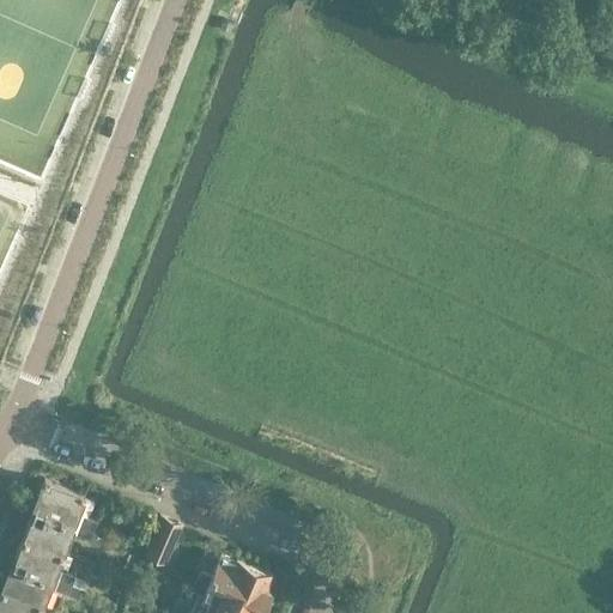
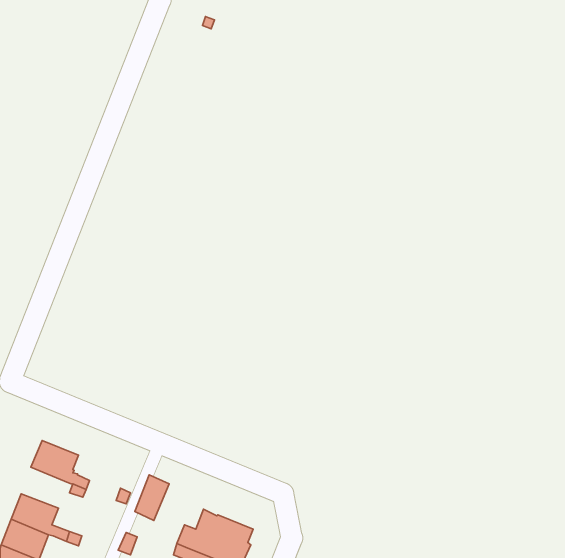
building: [23,514,74,558] -> none

